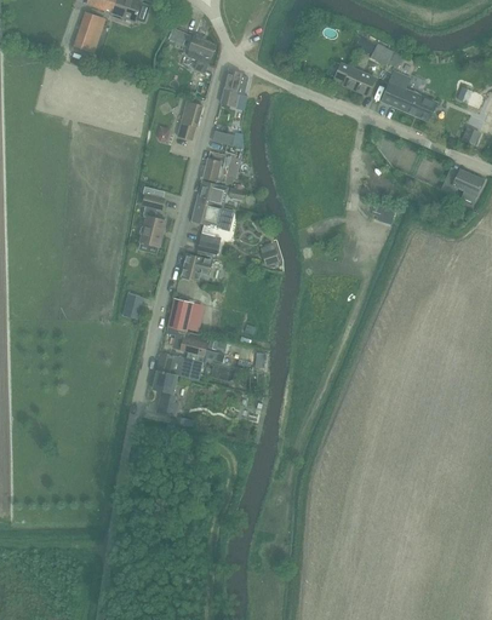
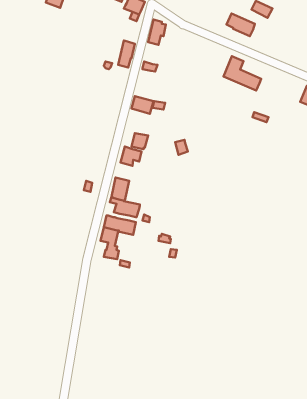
building: [382,70,436,120] -> [223,56,261,91]
building: [204,151,234,183] -> none
building: [139,194,166,246] -> none
building: [191,199,235,231] -> none

